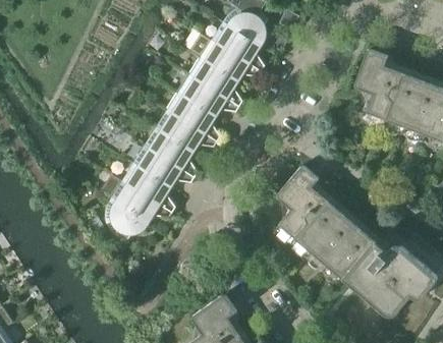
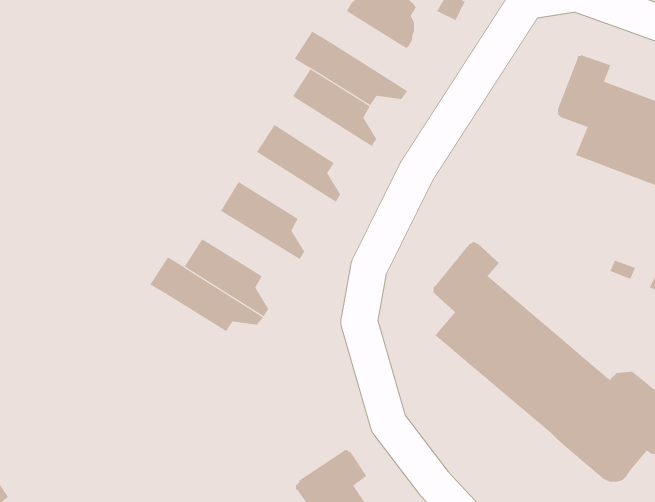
building: [212,22,265,72] -> none
building: [178,75,239,117] -> none
building: [156,110,217,152] -> none
building: [133,147,195,187] -> none
building: [105,198,149,240] -> none

